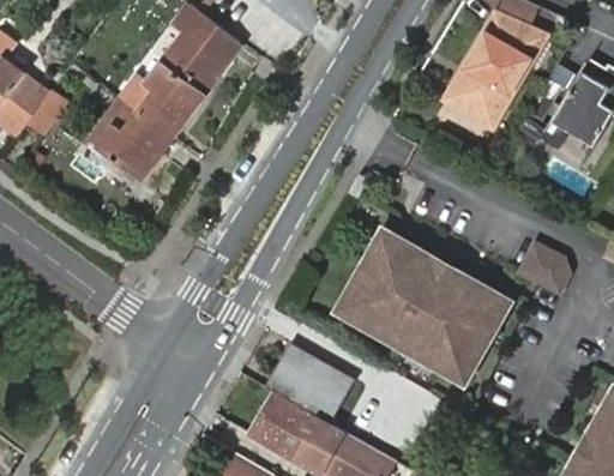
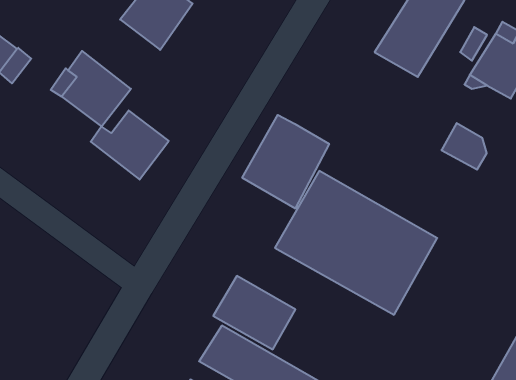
building: [120,59,206,135] -> [91,110,169,180]
building: none -> [242,115,329,209]
building: [519,243,570,295] -> [441,123,487,170]

